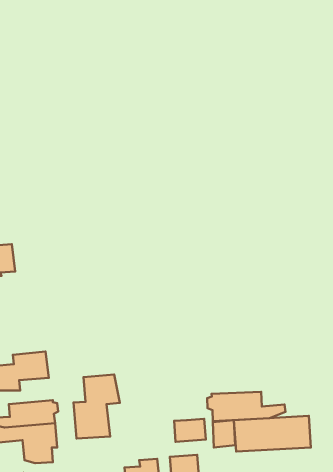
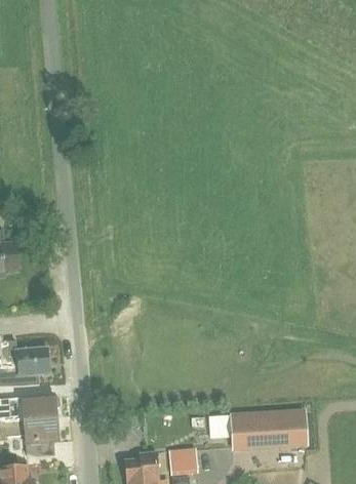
building: [74,375,120,439] -> none
building: [207,392,285,421] -> none
building: [174,419,206,442] -> none

